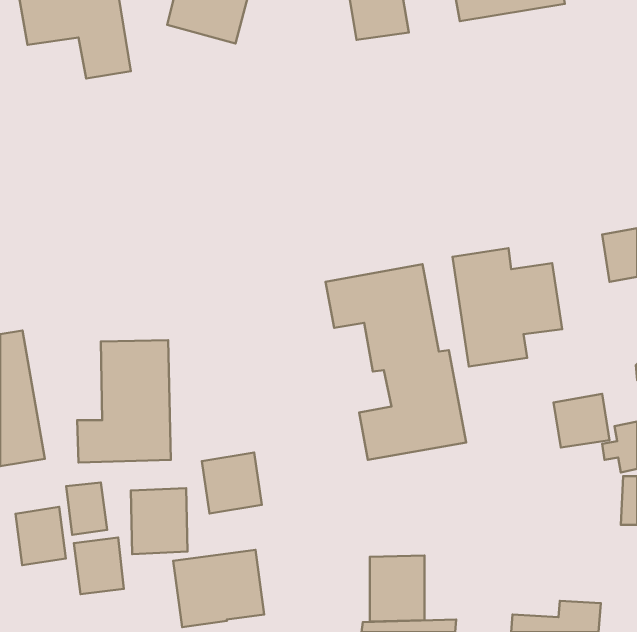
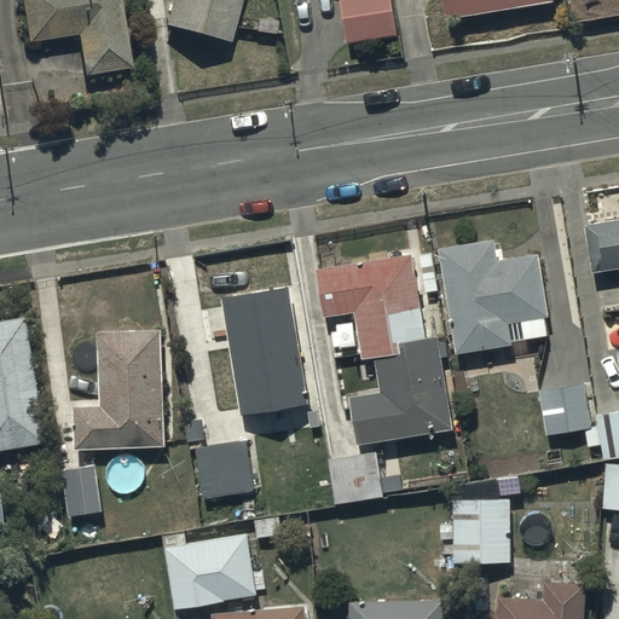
building: none -> [222,289,311,415]
building: [131,488,187,554] -> none
building: [16,507,66,565] -> none
building: [74,537,124,594] -> none
building: [370,556,425,622] -> [452,499,505,563]

